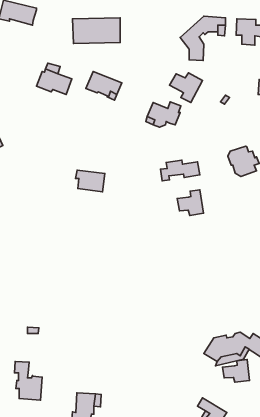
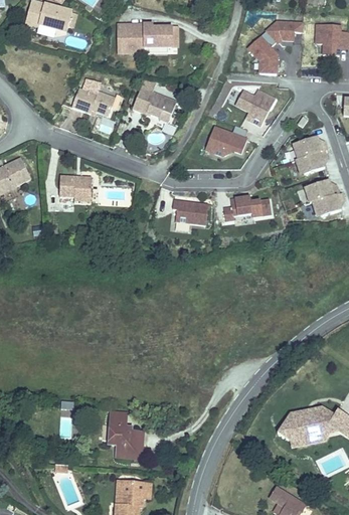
building: none -> [294,136,327,174]
building: none -> [59,175,91,197]
building: [75,170,105,192] -> [172,199,208,225]
building: [177,190,203,215] -> none
building: [223,360,250,382] -> none
building: [14,361,42,400] -> [109,411,143,459]

